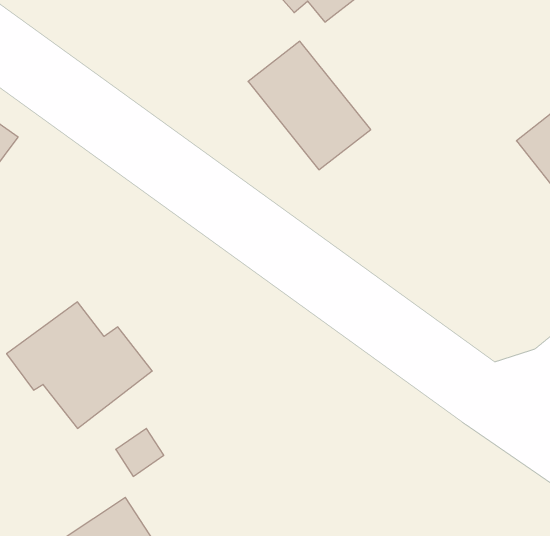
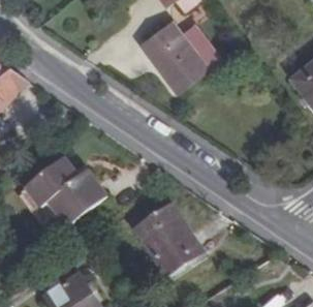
building: none -> [132,207,197,278]

